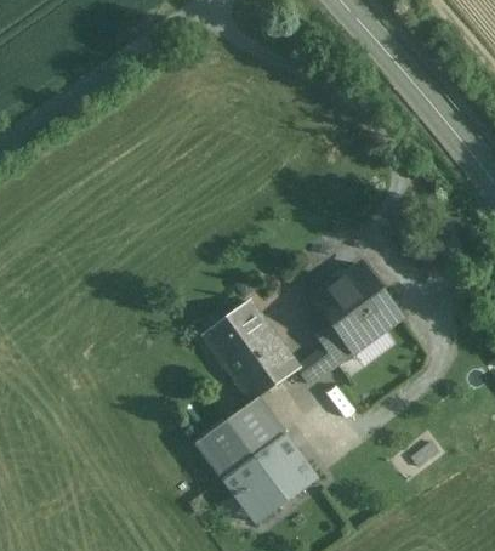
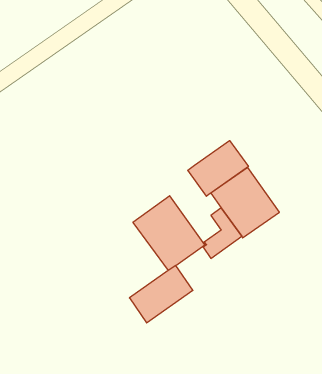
building: none -> [188,141,248,196]
building: [220,431,317,521] -> none

